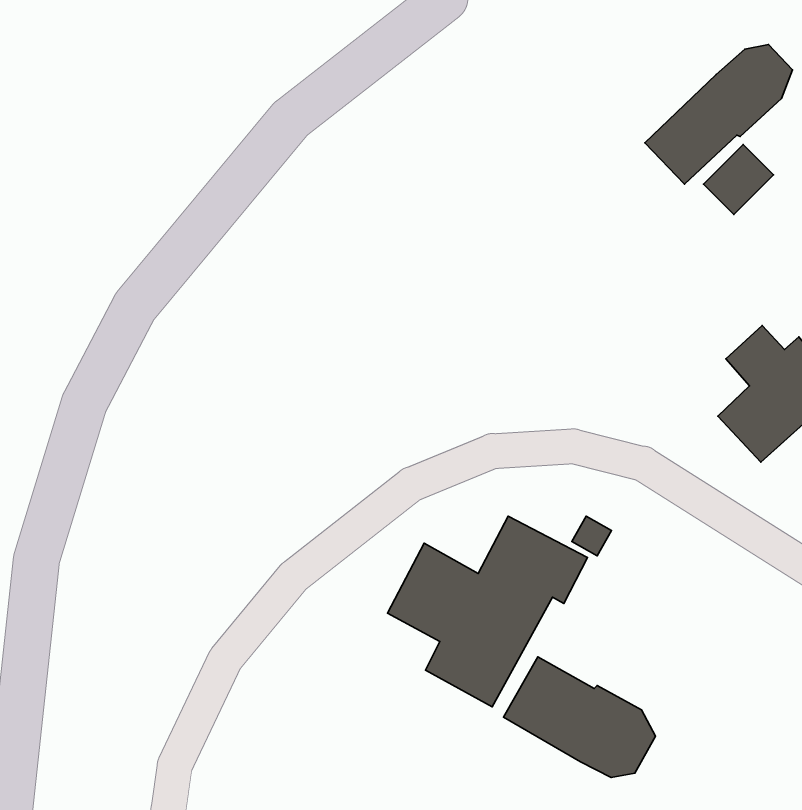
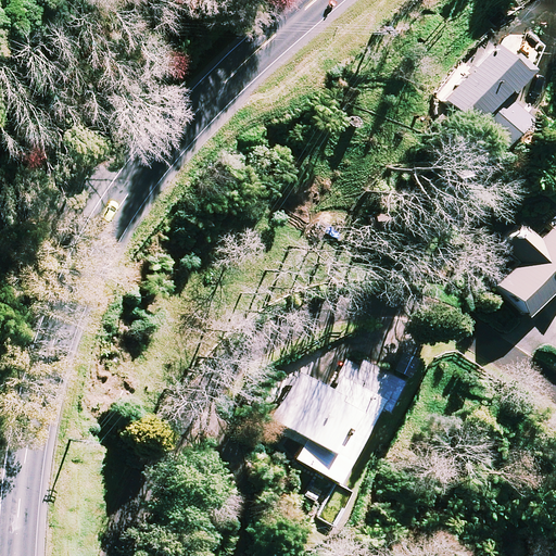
building: [503,657,655,777] -> none

